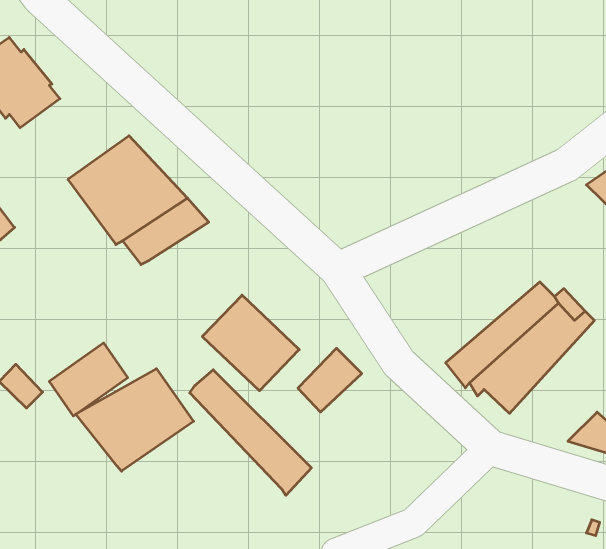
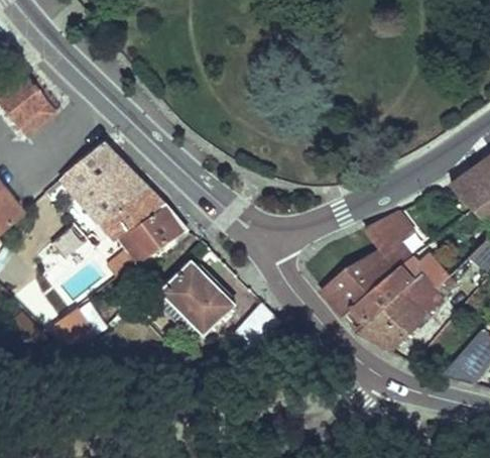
building: none -> [327,207,422,315]
building: none -> [120,208,187,262]
building: [76,369,194,471] -> none
building: [190,370,311,495] -> none

